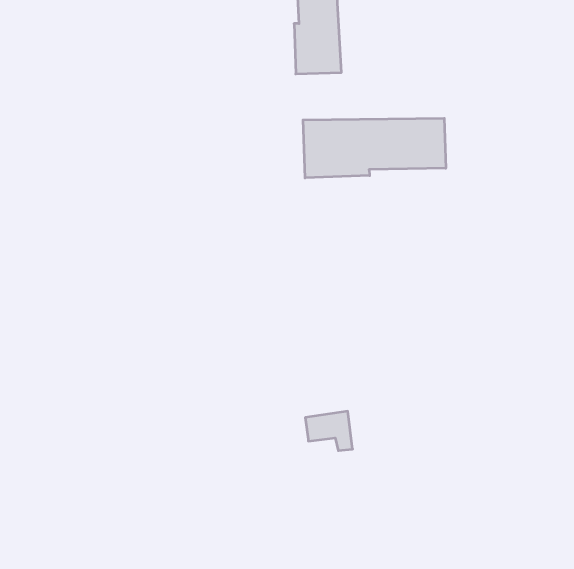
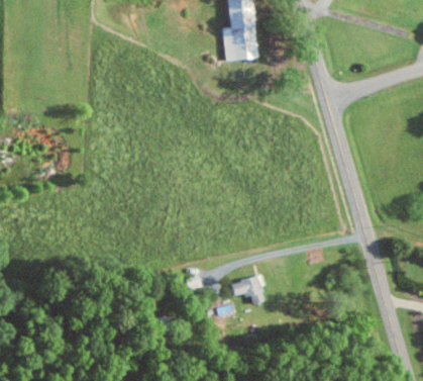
building: [303,118,446,178] -> none

